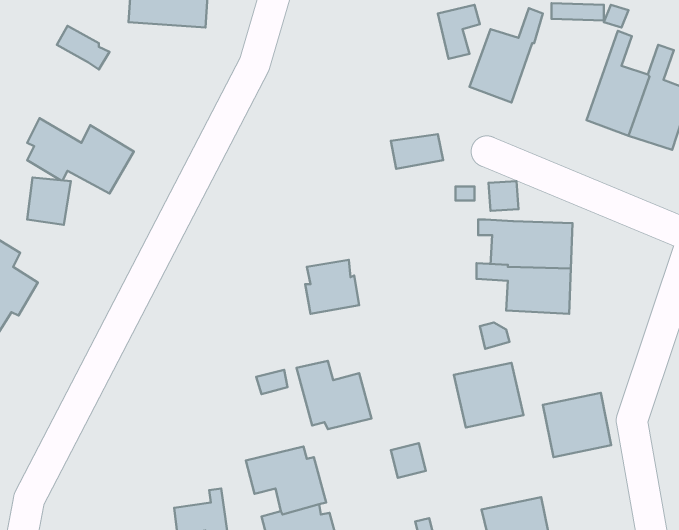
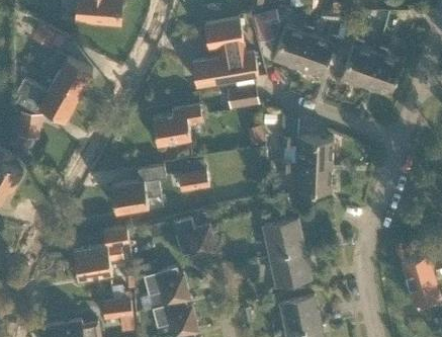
building: none -> [193,21,258,89]
building: none -> [297,24,340,78]
building: none -> [51,55,93,98]
building: none -> [153,106,203,146]
building: none -> [111,167,166,215]
building: none -> [74,230,131,281]
building: [543,393,611,457] -> [271,251,311,288]

